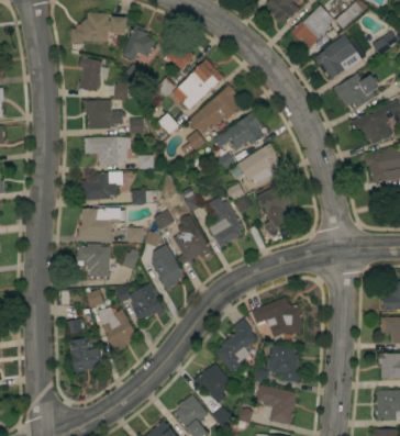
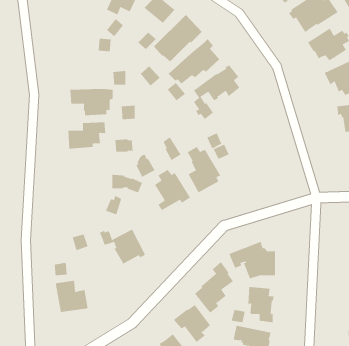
building: [77,57,108,92] -> none
building: [84,100,122,130] -> none
building: [227,144,279,182] -> none
building: [255,183,291,236] -> none
building: [78,209,124,236] -> none
building: [77,244,114,278] -> none
building: [151,253,184,290] -> none
building: [101,310,135,354] -> none

